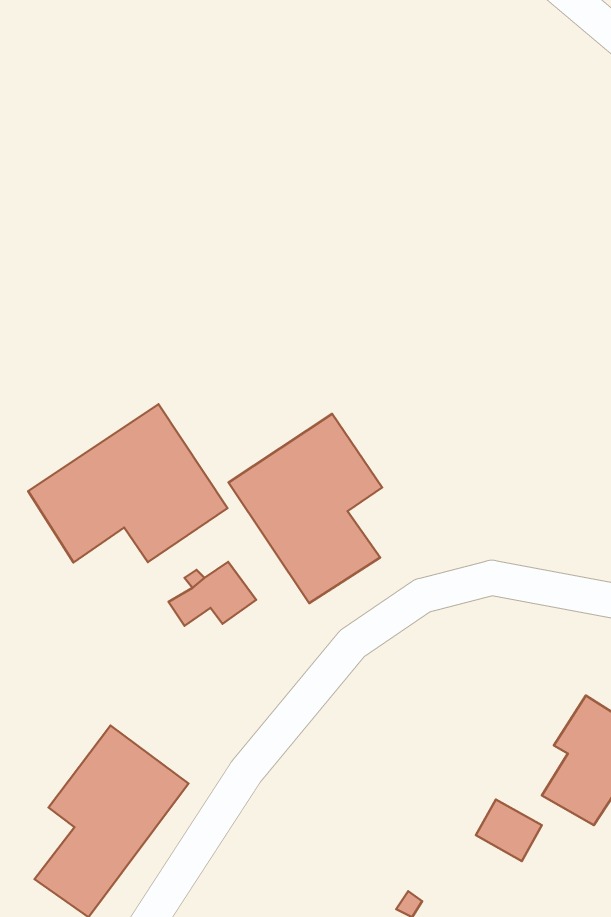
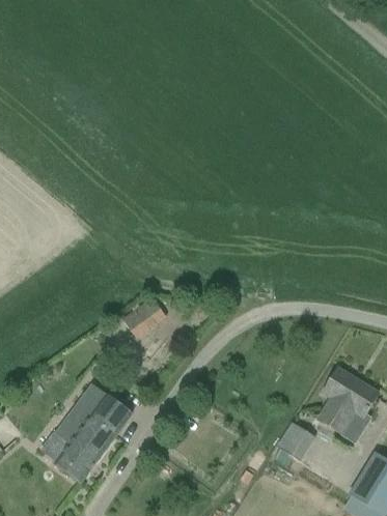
building: [28,404,228,563] -> none
building: [229,414,382,603] -> none

